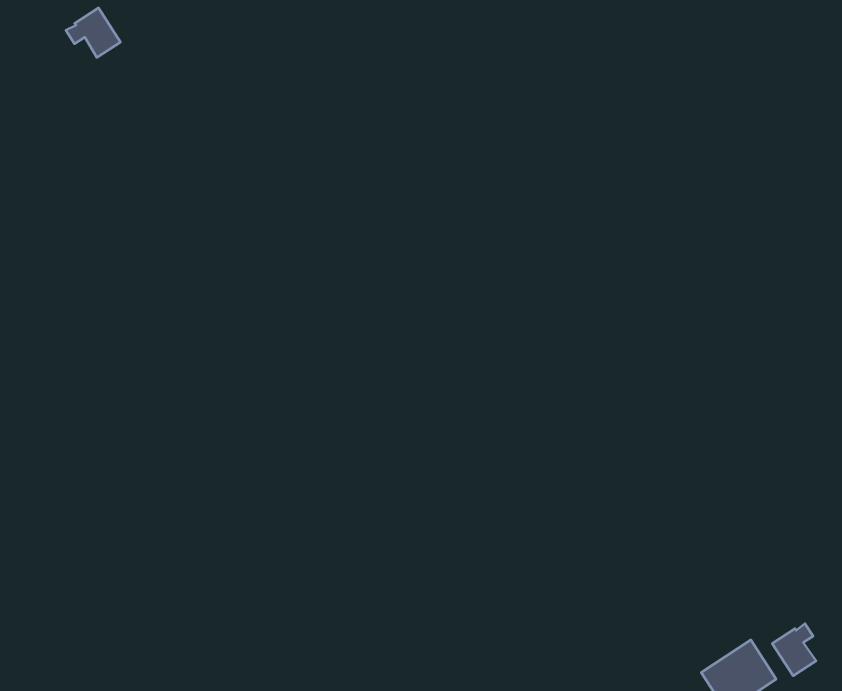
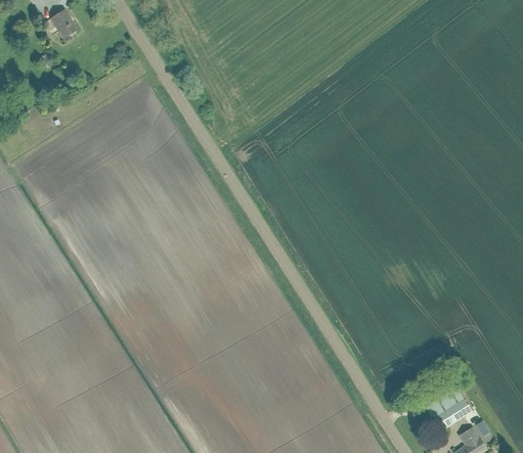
building: [772,623,816,676] -> none

